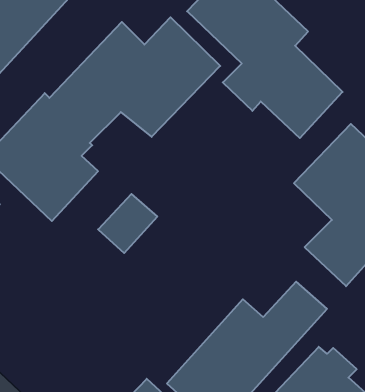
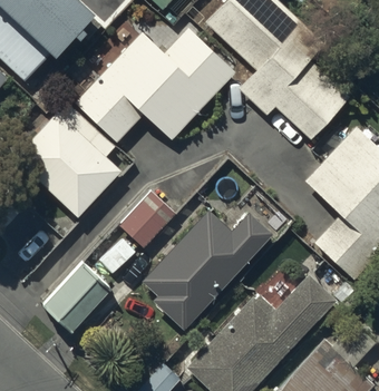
building: none -> [144,208,275,332]
building: none -> [45,260,111,328]

